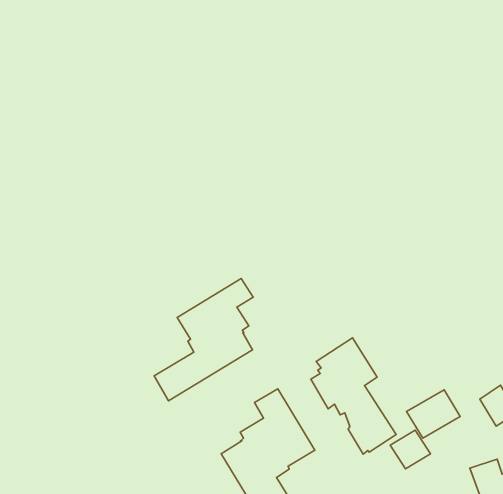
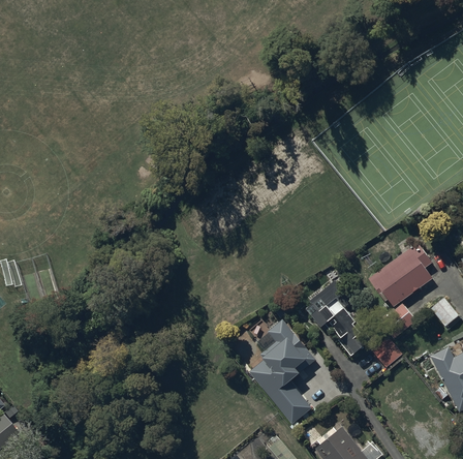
building: [154,278,253,401] -> none
building: none -> [368,241,433,308]

